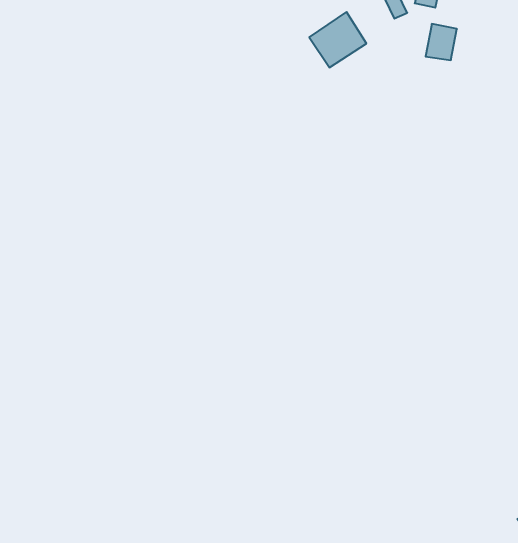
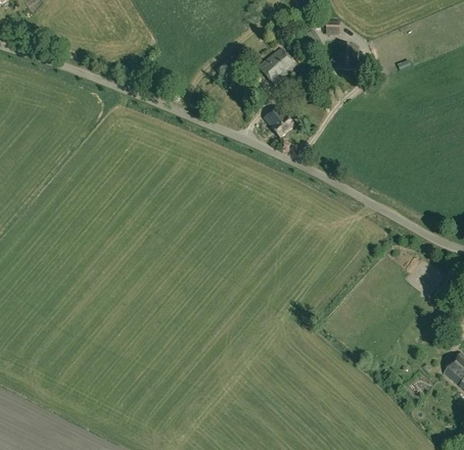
building: none -> [265,105,295,137]

